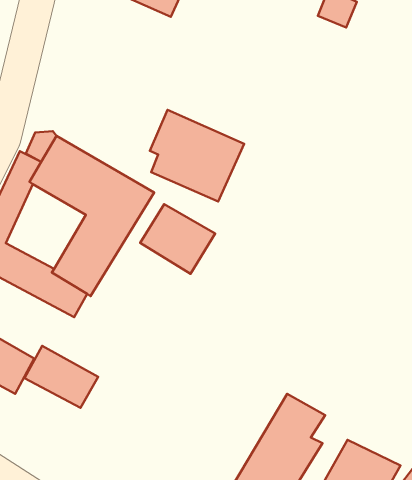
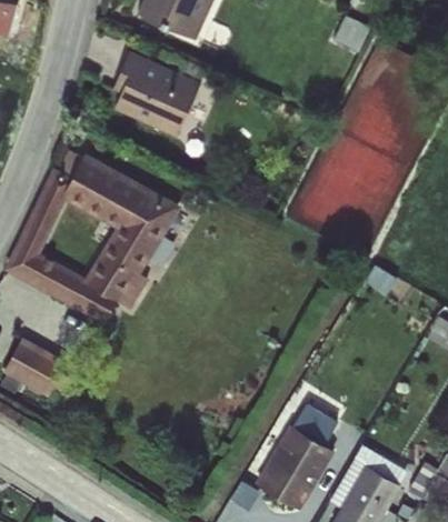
building: [150,110,244,202] -> [112,52,201,139]
building: [140,204,215,274] -> none
building: [25,346,98,408] -> none

